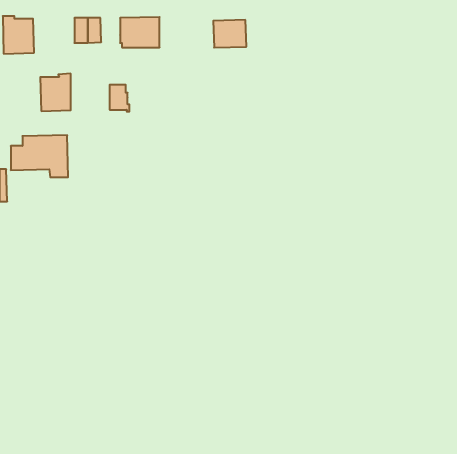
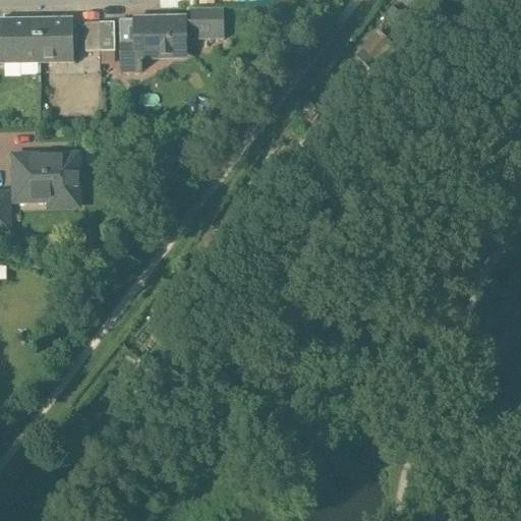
building: [213,20,246,48] -> [188,4,226,36]
building: [40,74,71,111] -> [38,17,72,60]
building: [110,85,129,112] -> [118,40,140,70]

